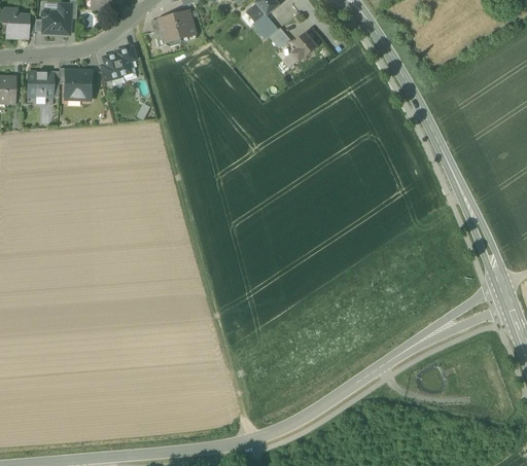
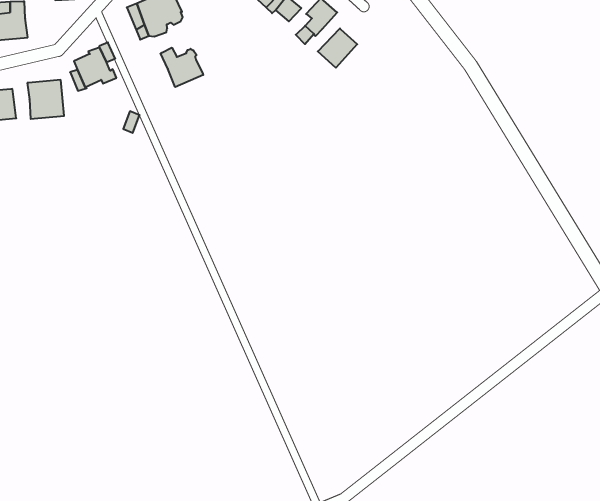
building: none -> [161,48,203,87]
building: none -> [318,28,357,68]

